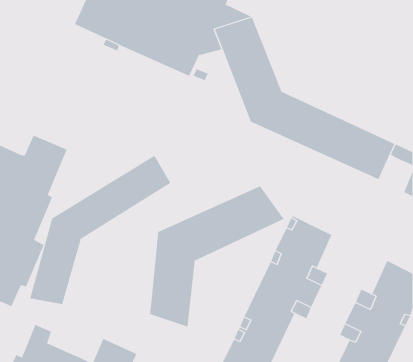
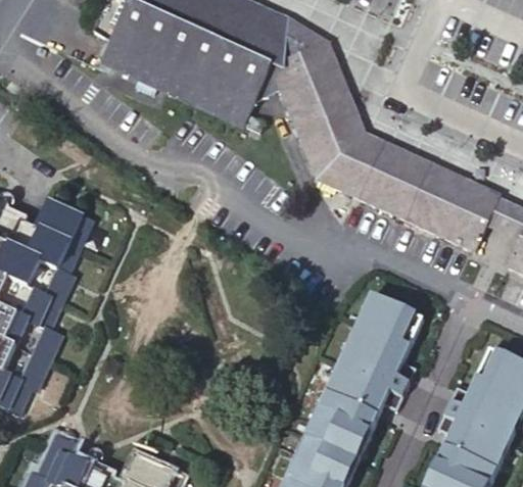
building: [29,155,171,305] -> none
building: [150,185,285,328] -> none

